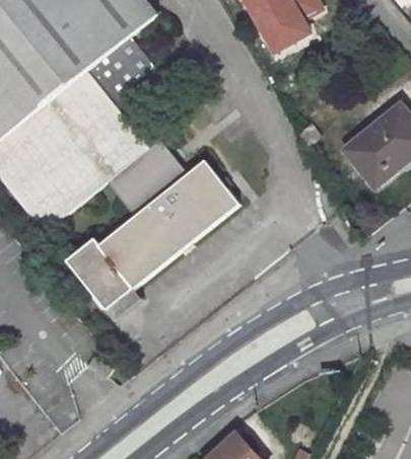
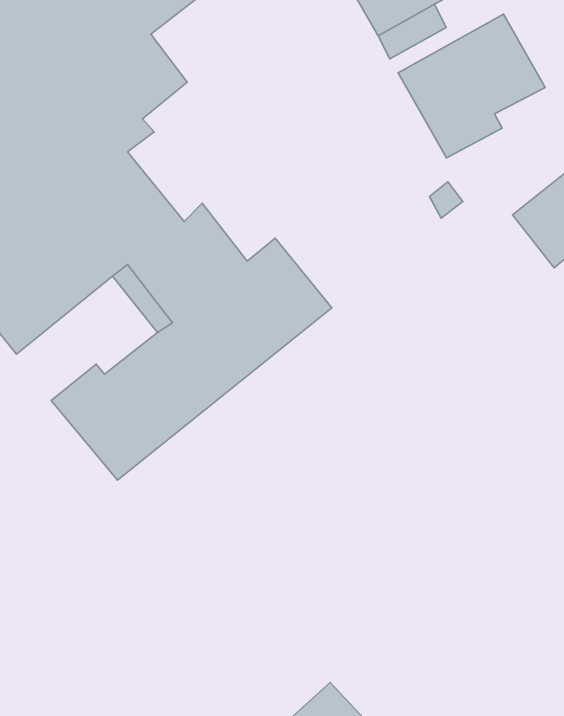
building: none -> [398,14,545,158]

